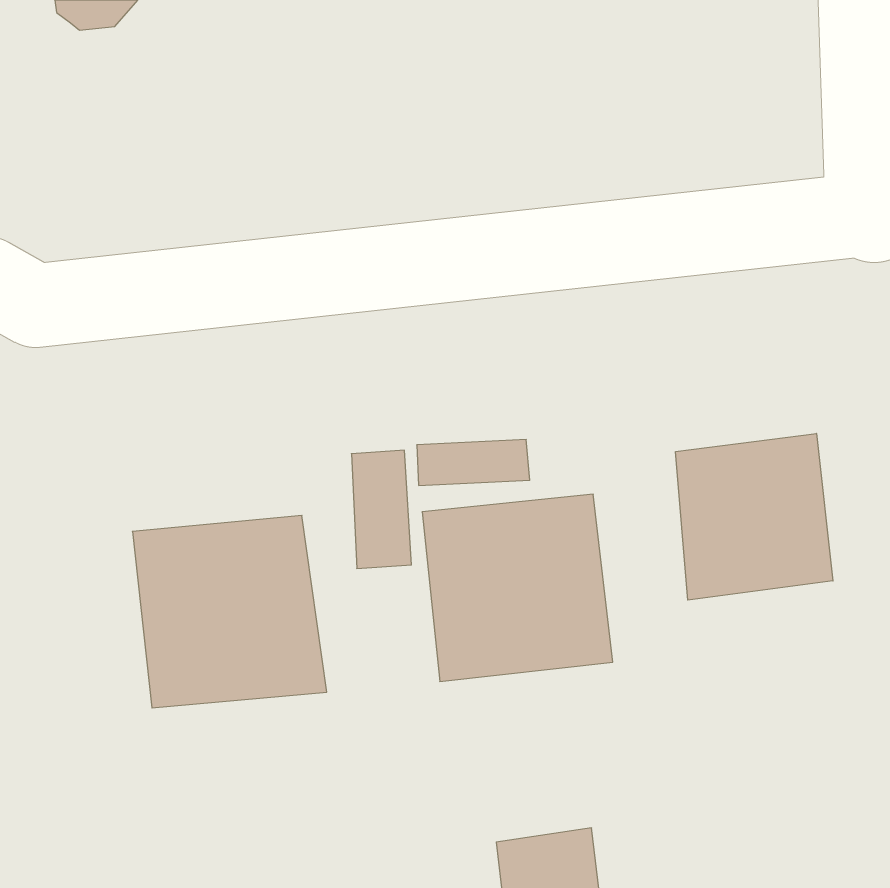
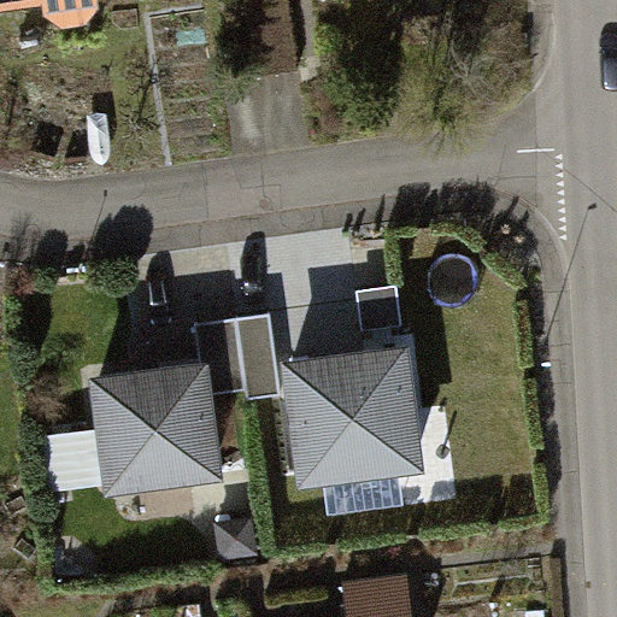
building: [676,433,833,600] -> none

